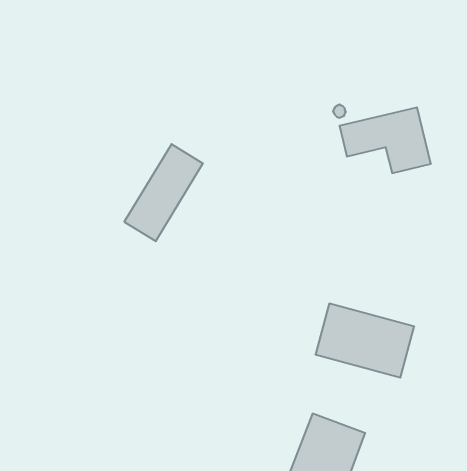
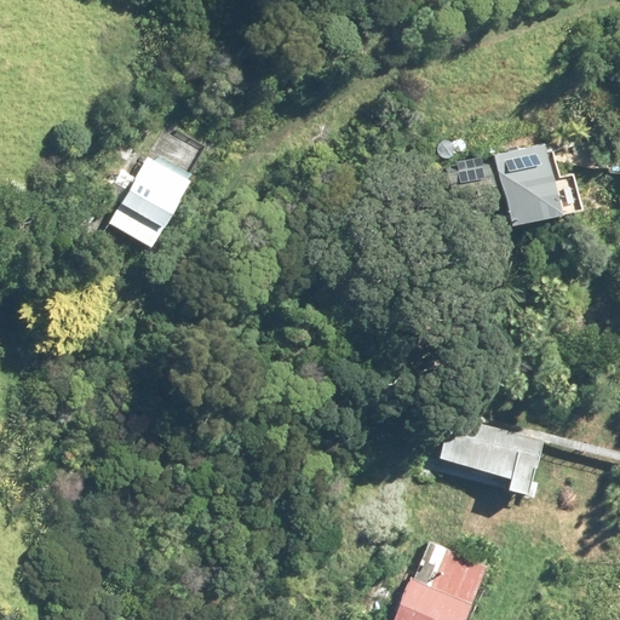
building: [124,144,203,241] -> [108,122,211,249]

